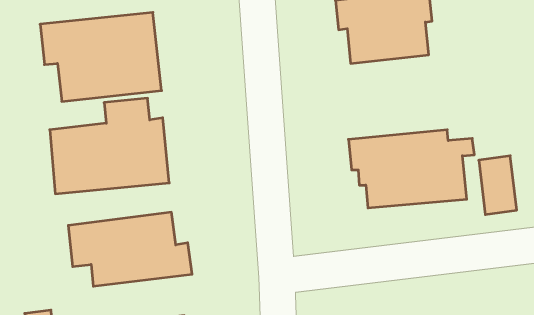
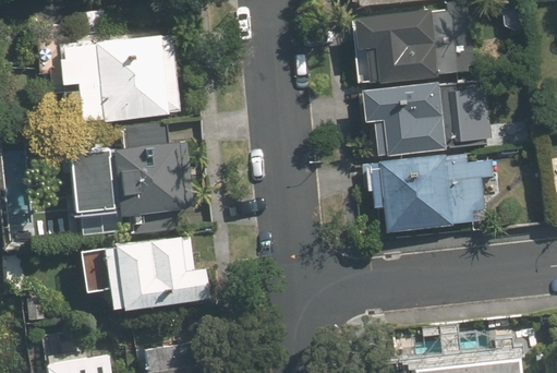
building: none -> [363,81,447,157]
building: [479,156,517,215] -> [455,86,493,145]

